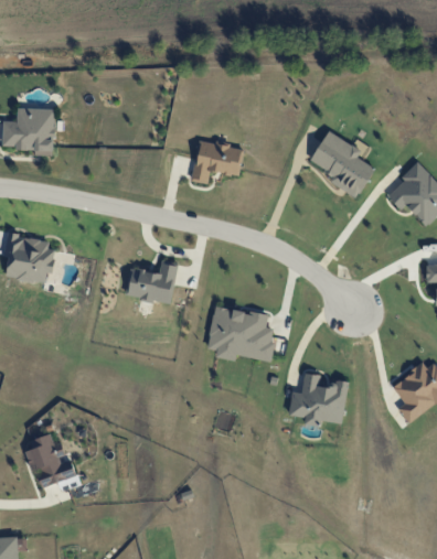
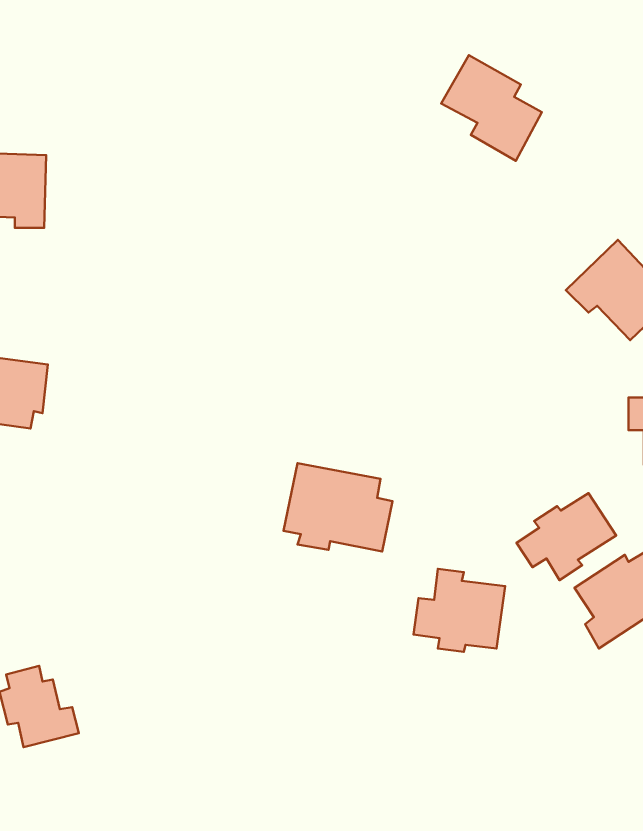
building: [309,130,373,197] -> [441,55,542,161]
building: [191,139,243,183] -> none
building: [126,259,177,302] -> none
building: none -> [516,493,616,580]

